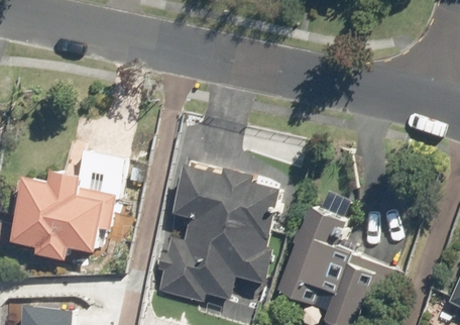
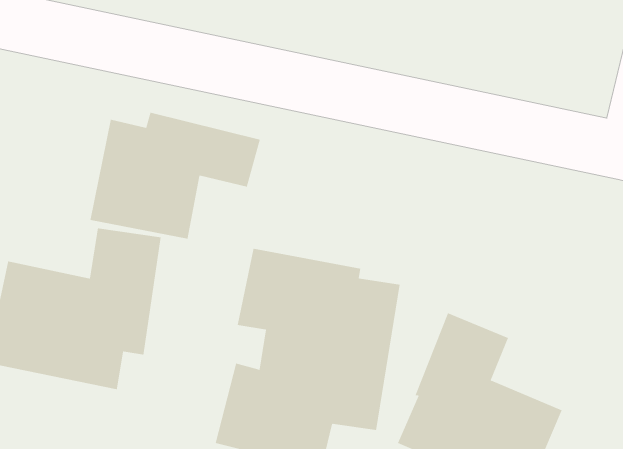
building: none -> [90,112,261,239]

